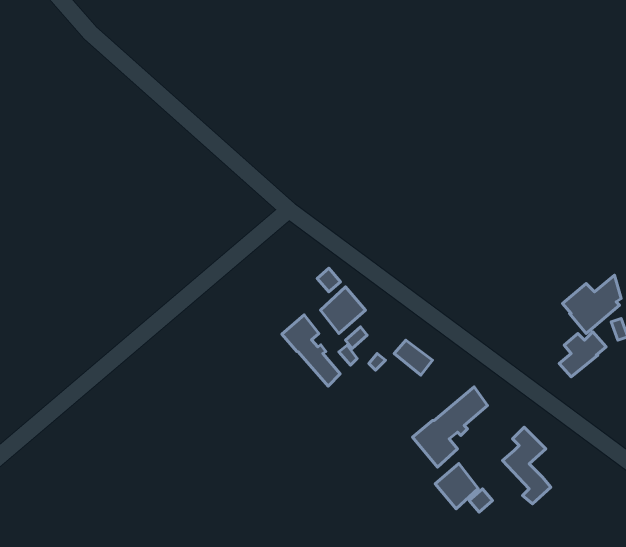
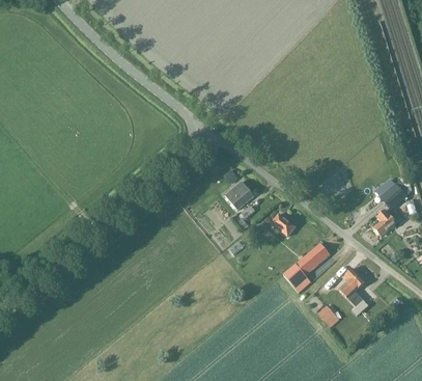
building: [282,315,340,386] -> none
building: [435,464,478,509] -> none

